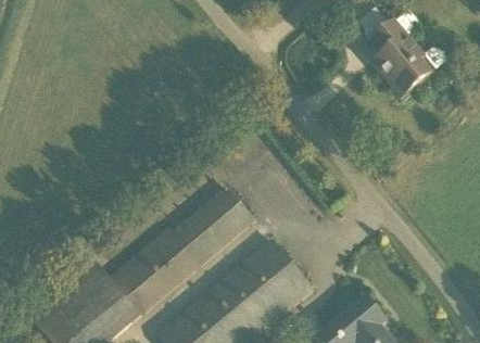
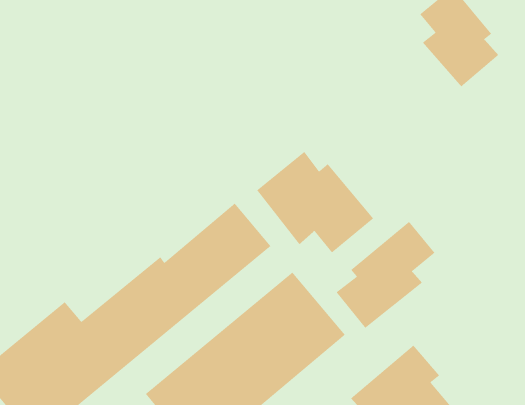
building: none -> [256,151,374,254]
building: none -> [335,221,436,329]

